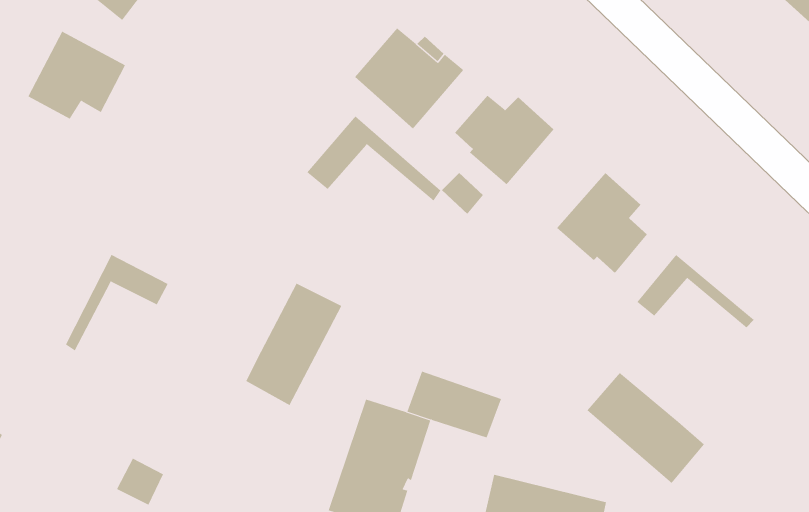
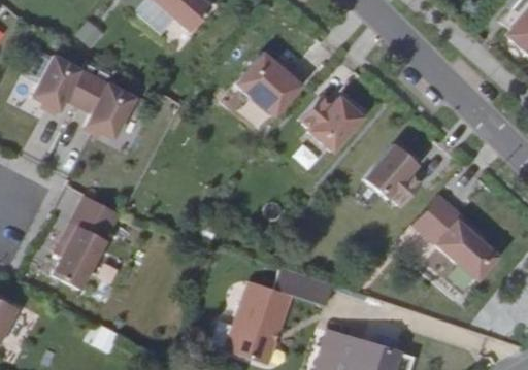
building: none -> [78,77,135,139]
building: [307,116,441,201] -> none
building: [245,283,342,406] -> [53,213,113,291]
building: [587,372,705,484] -> [426,211,500,281]

